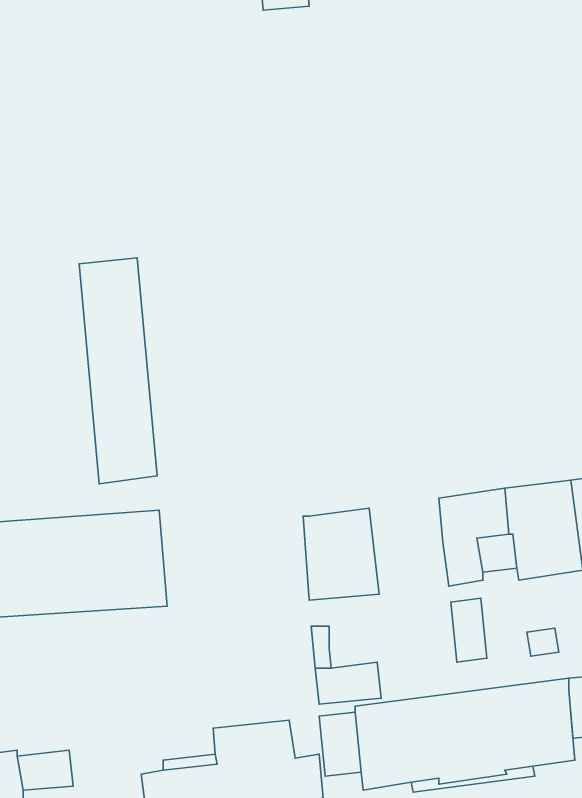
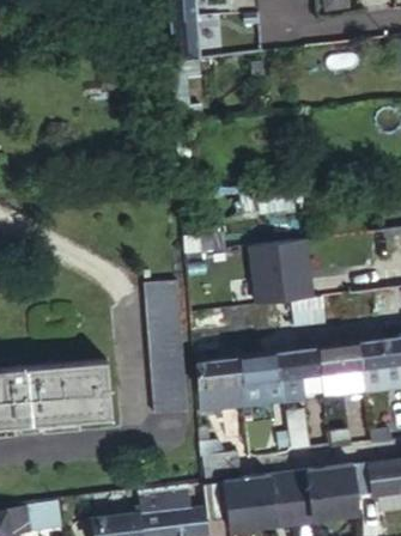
building: [79,258,157,484] -> [145,281,192,416]
building: none -> [249,242,314,309]
building: none -> [233,355,281,413]

